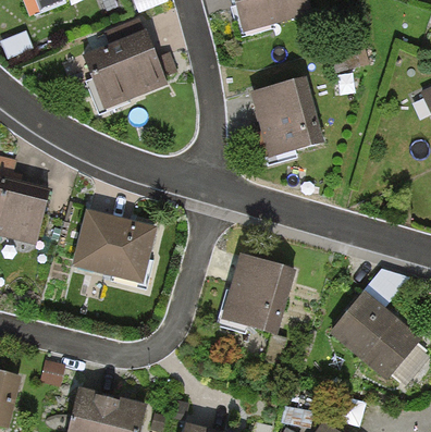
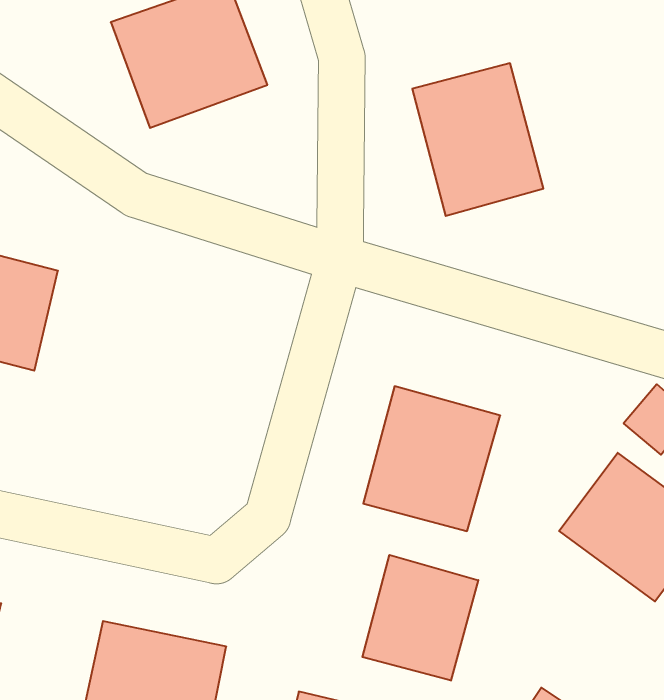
building: [75,210,158,283] -> none
building: none -> [362,555,478,681]

